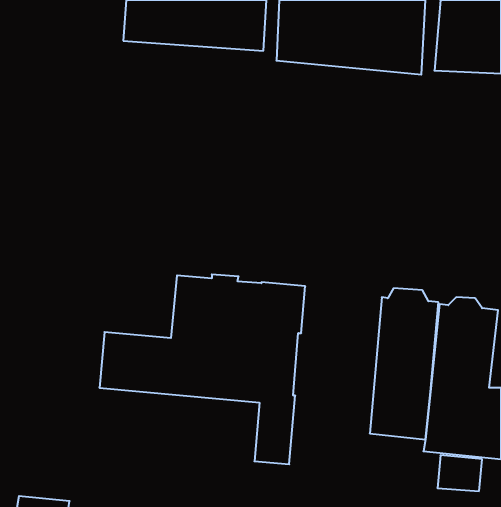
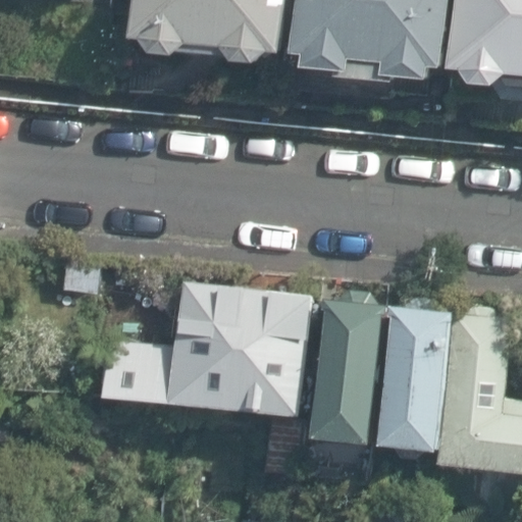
building: none -> [313,299,388,445]

